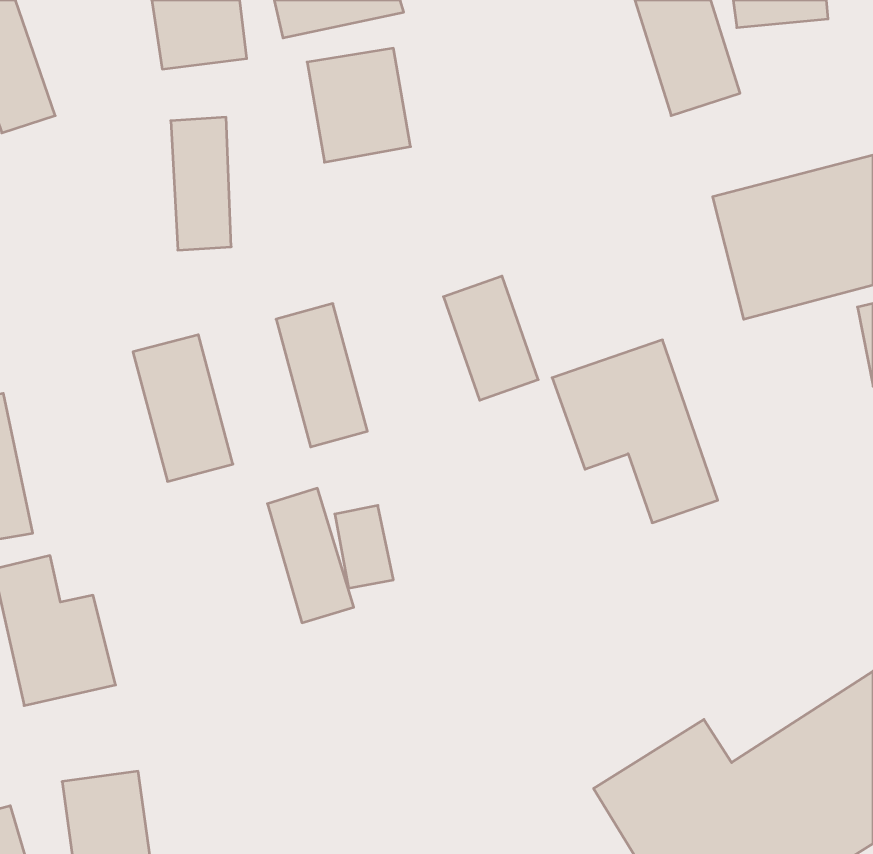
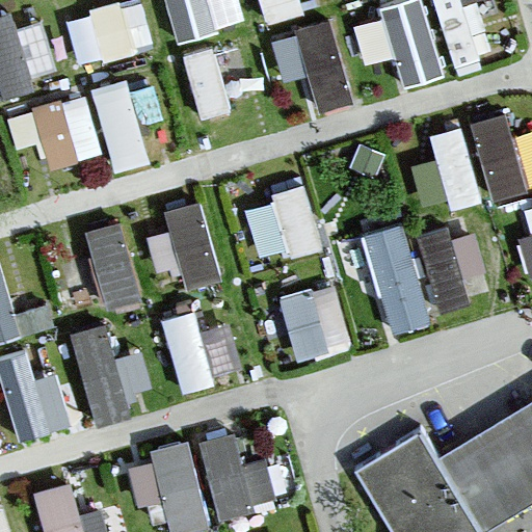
building: none -> [272,21,351,108]
building: none -> [6,92,102,176]
building: none -> [427,234,480,302]
building: none -> [261,291,346,365]
building: none -> [75,323,151,413]
building: none -> [126,433,270,526]

